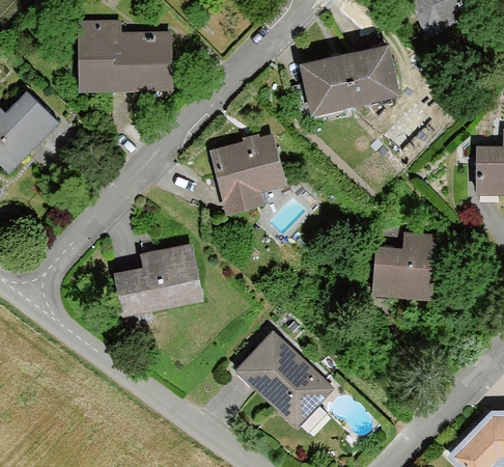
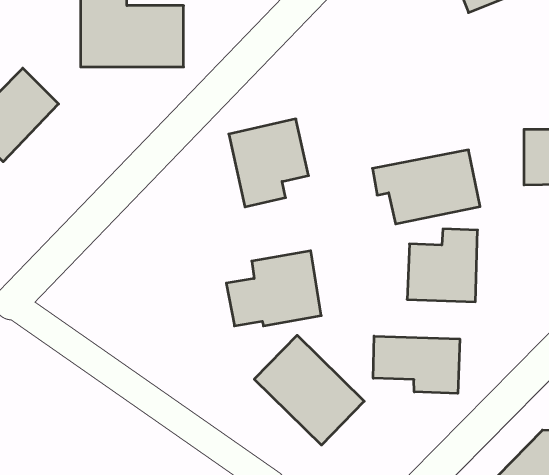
building: [301,47,397,113] -> [372,150,480,224]
building: [117,244,202,311] -> [226,251,321,326]
building: none -> [373,336,460,393]

